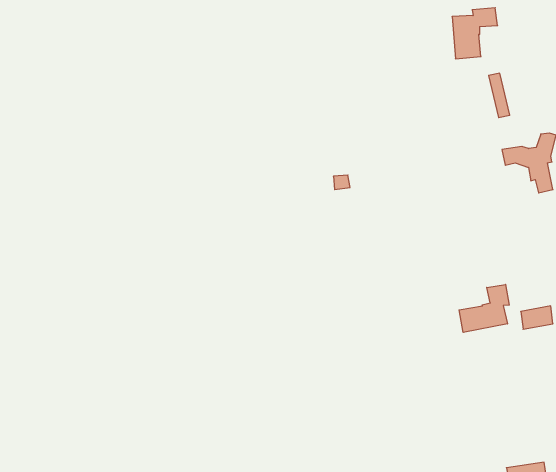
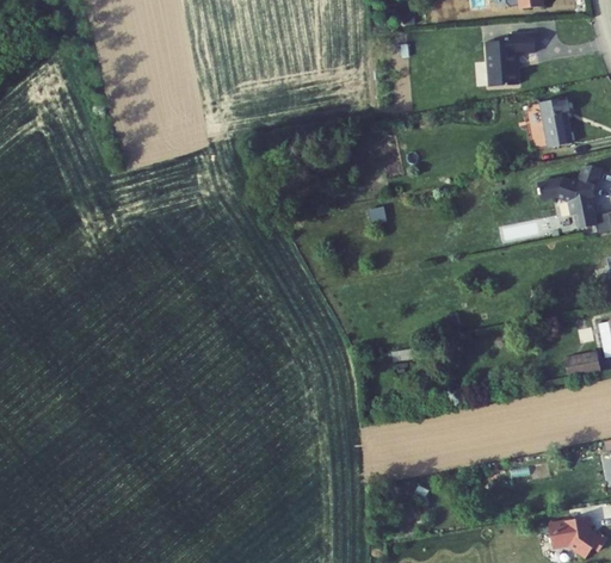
building: none -> [538,97,572,147]
building: [459,284,509,332] -> none

